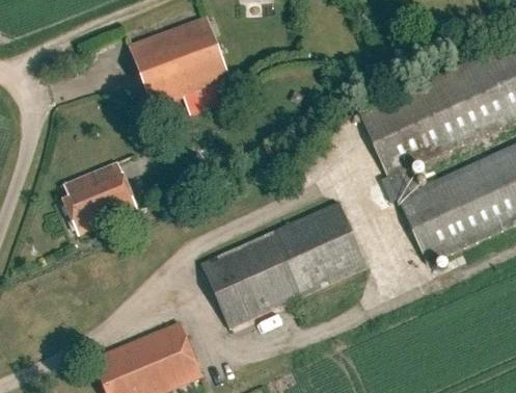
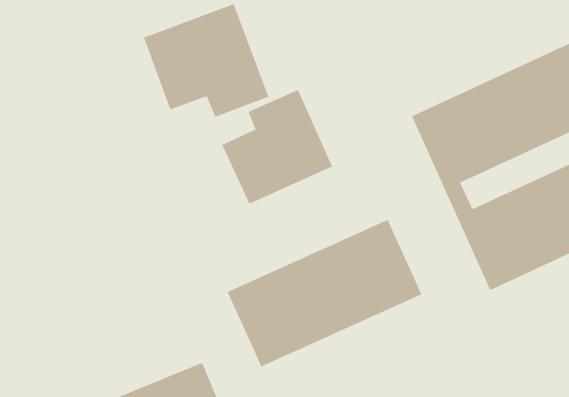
building: none -> [222,89,333,204]
building: [63,161,138,234] -> none

